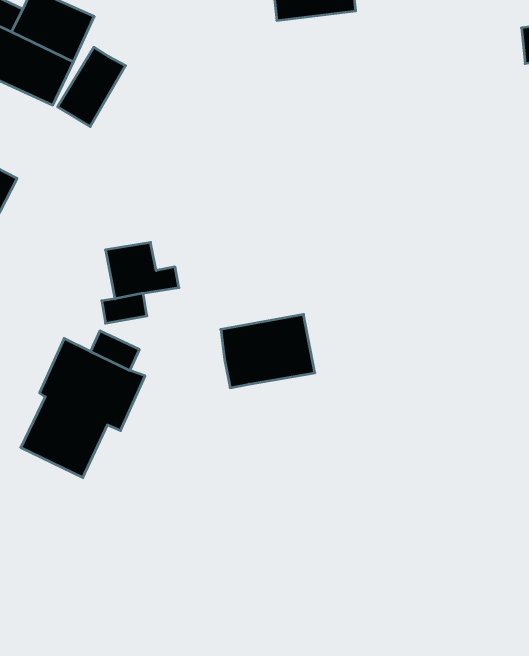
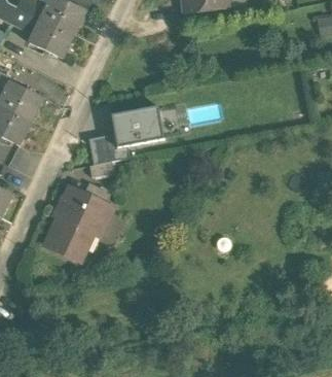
building: [58,47,126,127] -> none
building: [221,314,315,388] -> [113,108,164,148]

